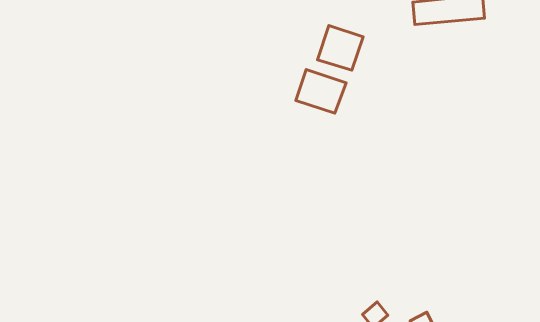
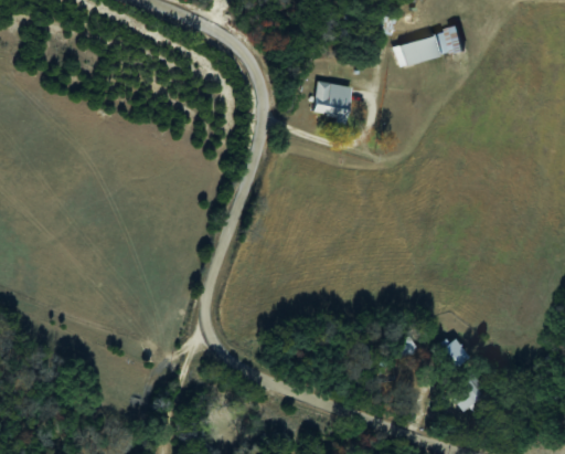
building: [296,70,346,113] -> none

